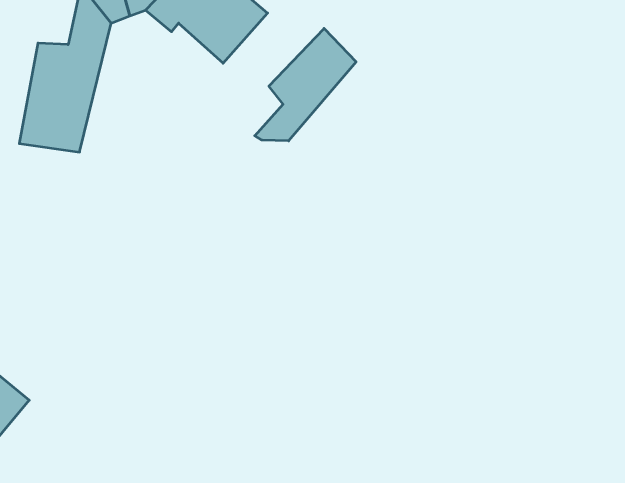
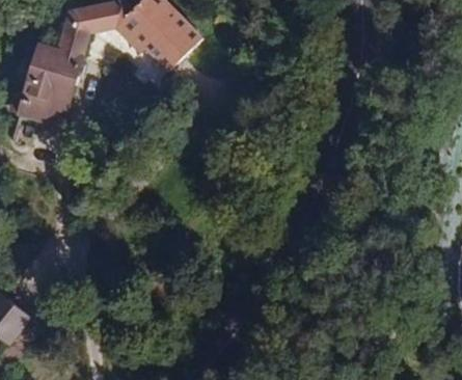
building: [255,28,356,141] -> none

